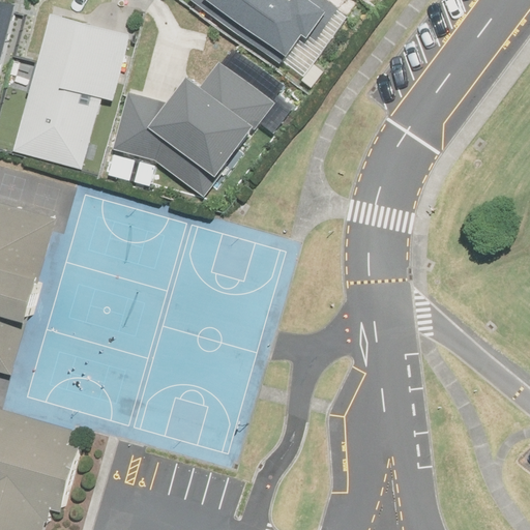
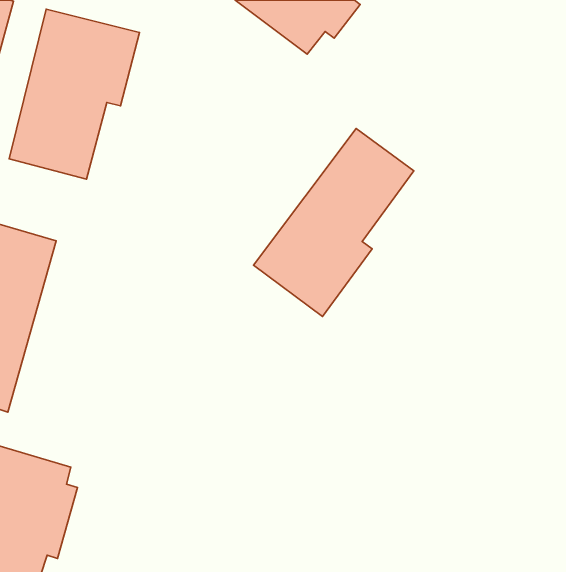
building: [108,59,272,197] -> none
building: none -> [254,128,414,316]

